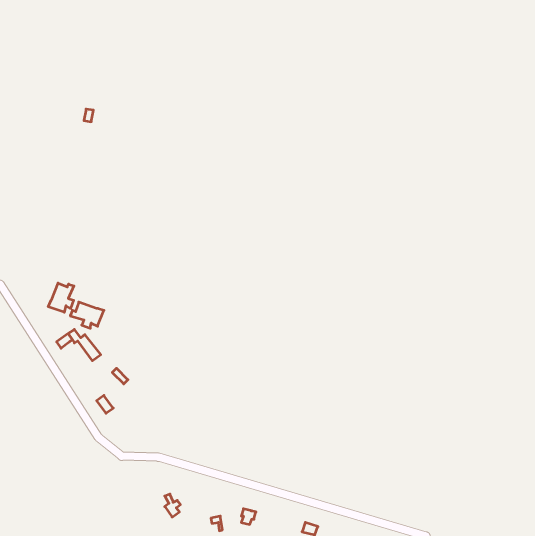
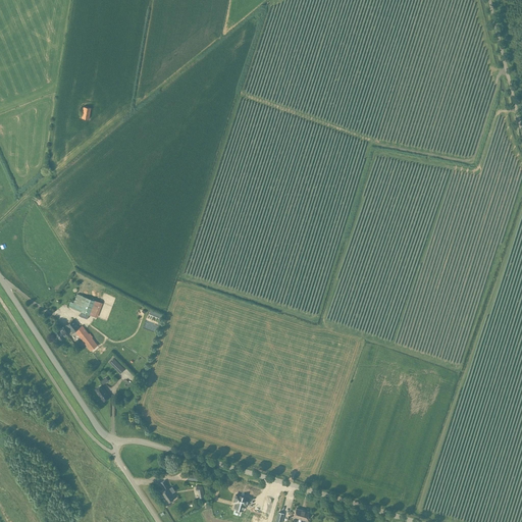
building: [48,283,74,312] -> none

